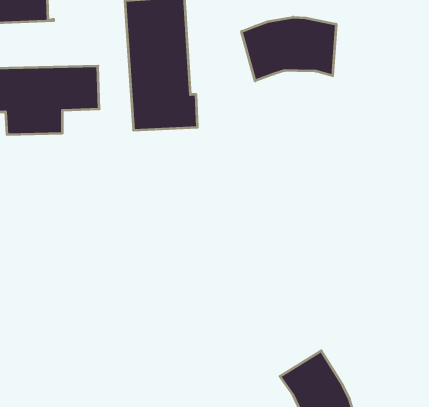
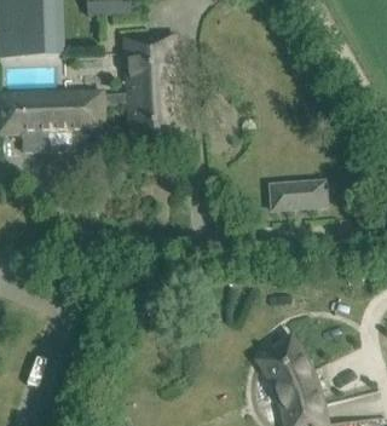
building: [242,17,336,81] -> none
building: none -> [271,182,327,211]

